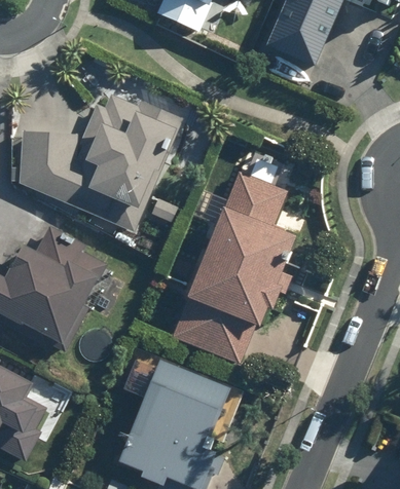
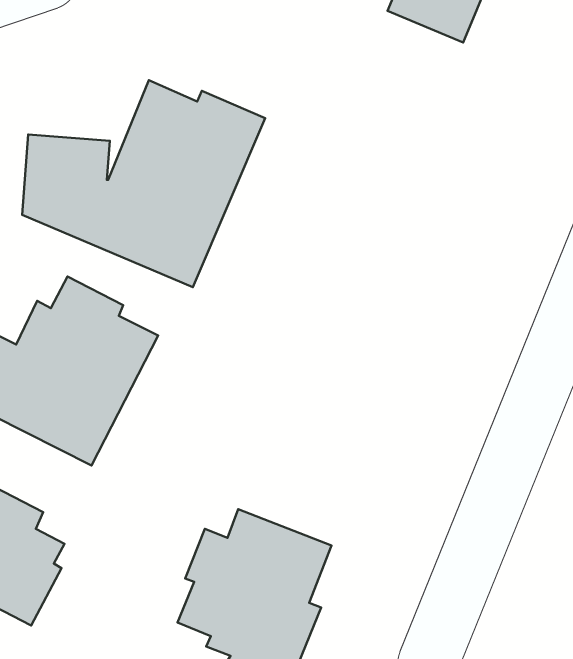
building: [171,170,300,363] -> none

